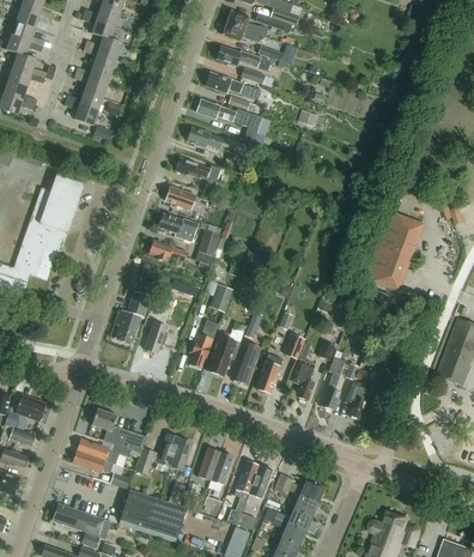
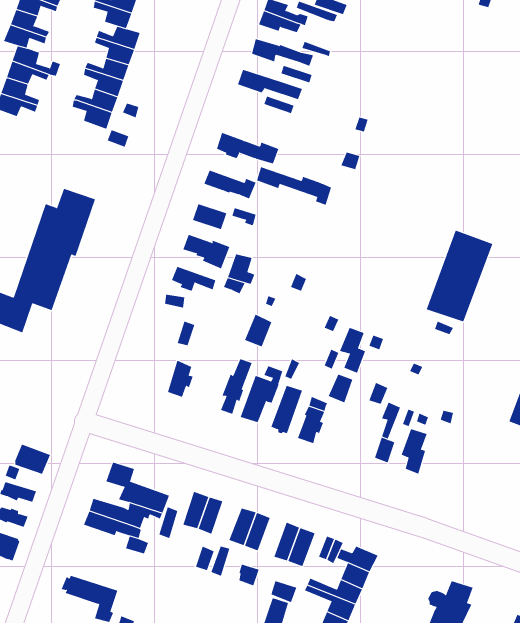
building: [196,99,261,133] -> [256,166,332,206]
building: [115,291,151,344] -> none
building: [292,361,315,400] -> [339,327,366,373]
building: [118,489,186,541] -> none

